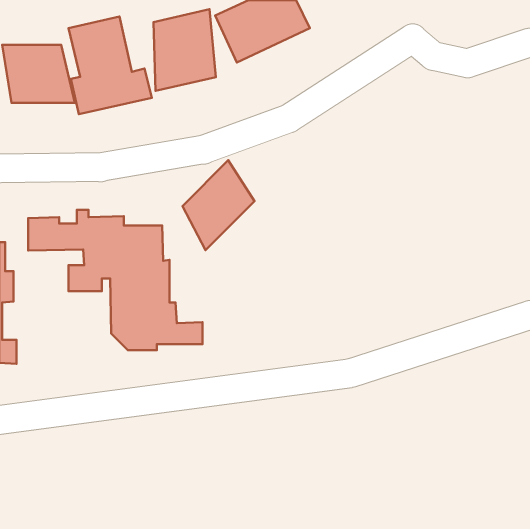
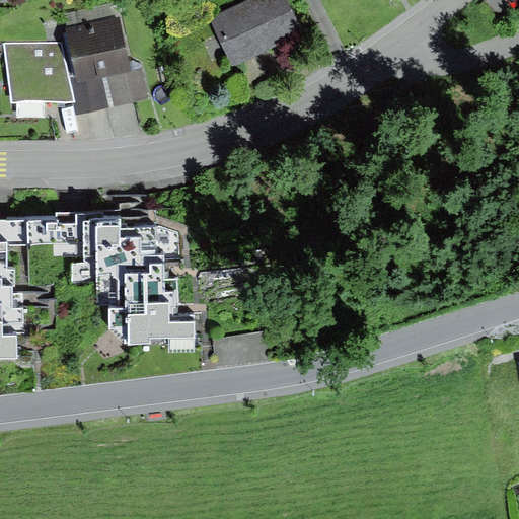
building: [153,9,216,91] -> none
building: [182,160,255,250] -> none

